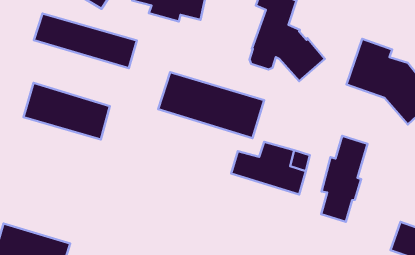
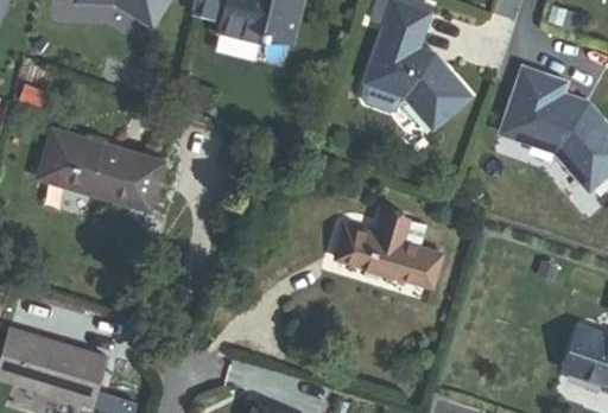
building: [34,14,137,68] -> none
building: [158,72,264,138] -> none
building: [321,136,367,222] -> none

